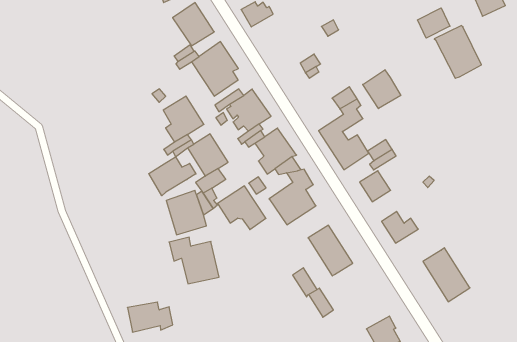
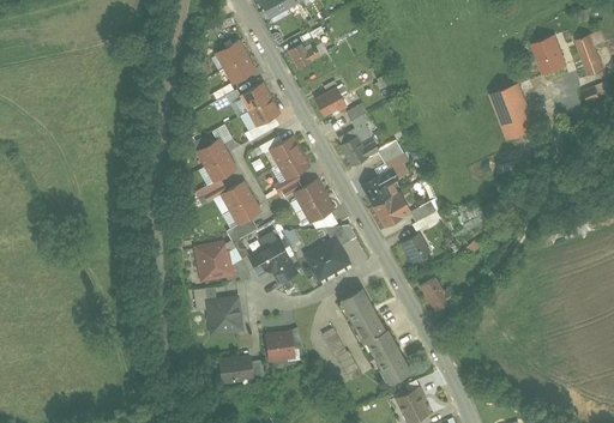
building: [417,8,450,38] -> none
building: none -> [311,83,349,116]
building: [363,70,401,109] -> none
building: none -> [338,133,375,164]
building: [149,157,196,196] -> none
building: [423,248,470,302] -> [365,324,413,381]
building: none -> [264,326,303,362]
building: [127,302,173,332] -> [217,352,264,382]

